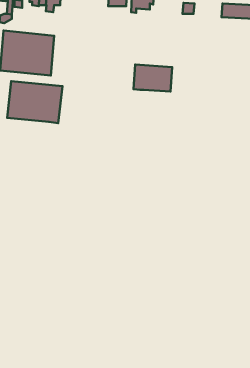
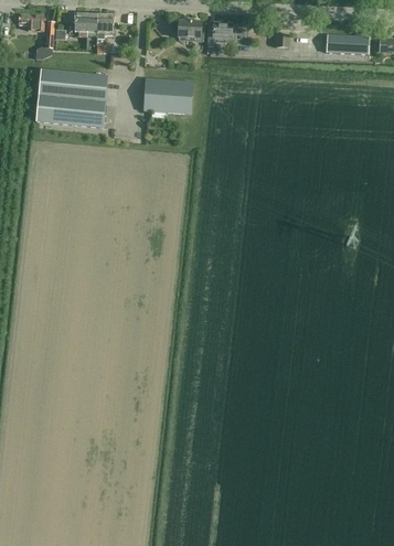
building: [133,65,172,92] -> [142,78,193,114]
building: [7,81,63,123] -> none

